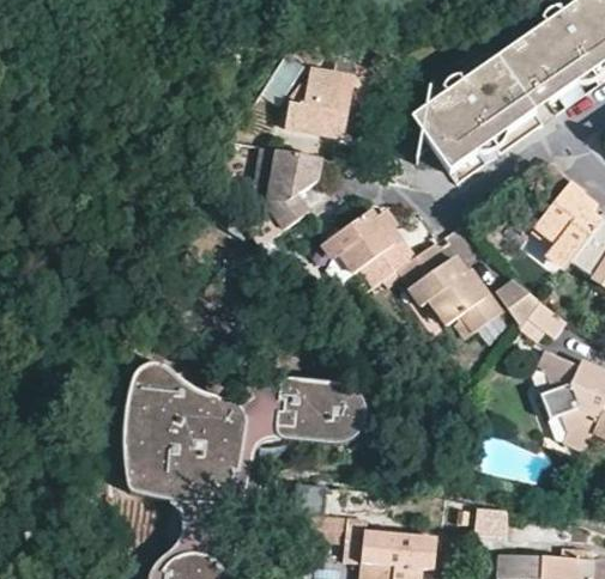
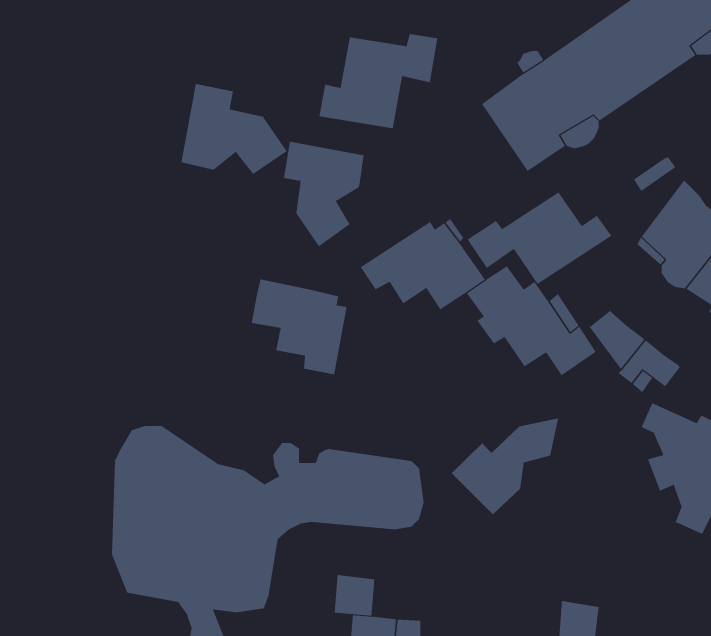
building: none -> [181,83,287,175]
building: none -> [467,191,612,285]
building: none -> [251,278,347,375]
building: none -> [451,418,559,515]

